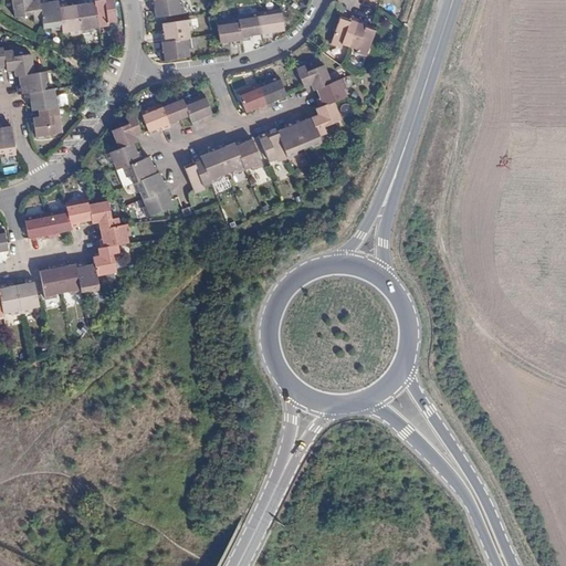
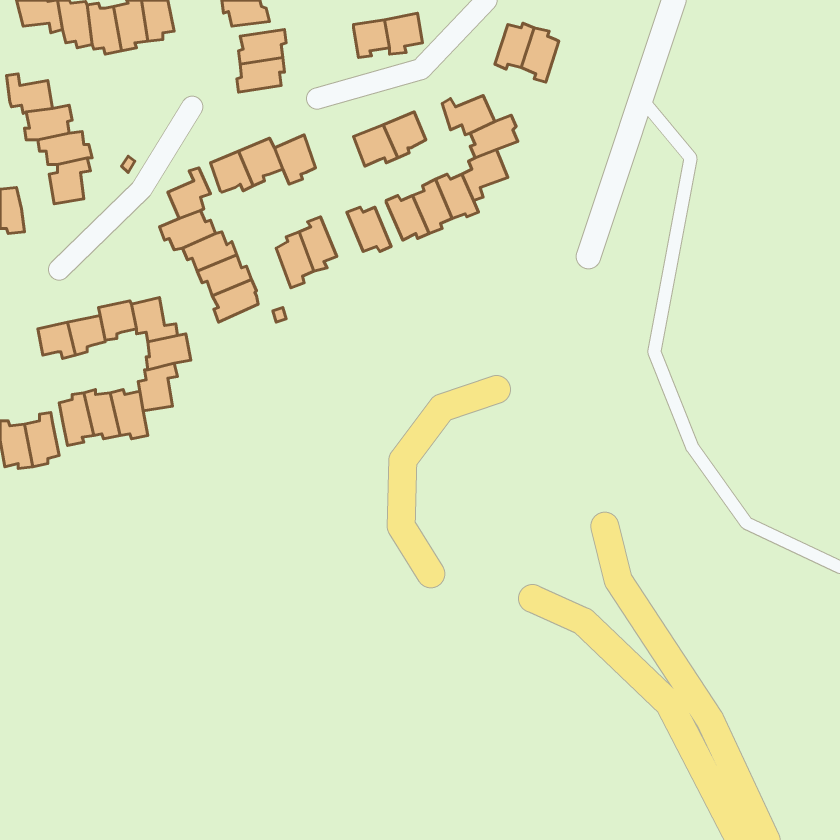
building: [217,19,241,44] -> none
building: [216,143,244,172] -> none

